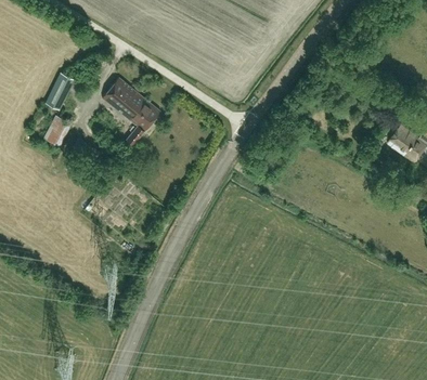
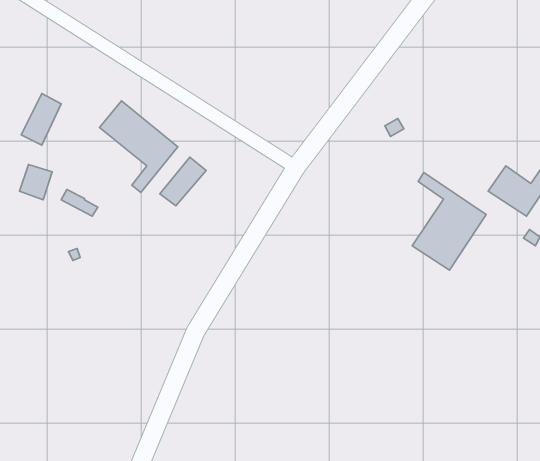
building: none -> [160,157,206,206]
building: none -> [412,173,486,270]

